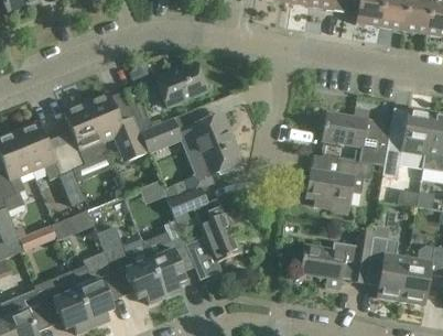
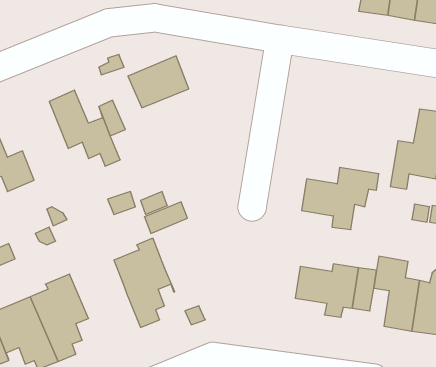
building: [63,101,112,182] -> none
building: [322,107,389,165] -> none
building: [187,113,241,175] -> none
building: [139,119,181,152] -> none
building: [186,207,241,282] -> none
building: [97,227,165,304] -> none

